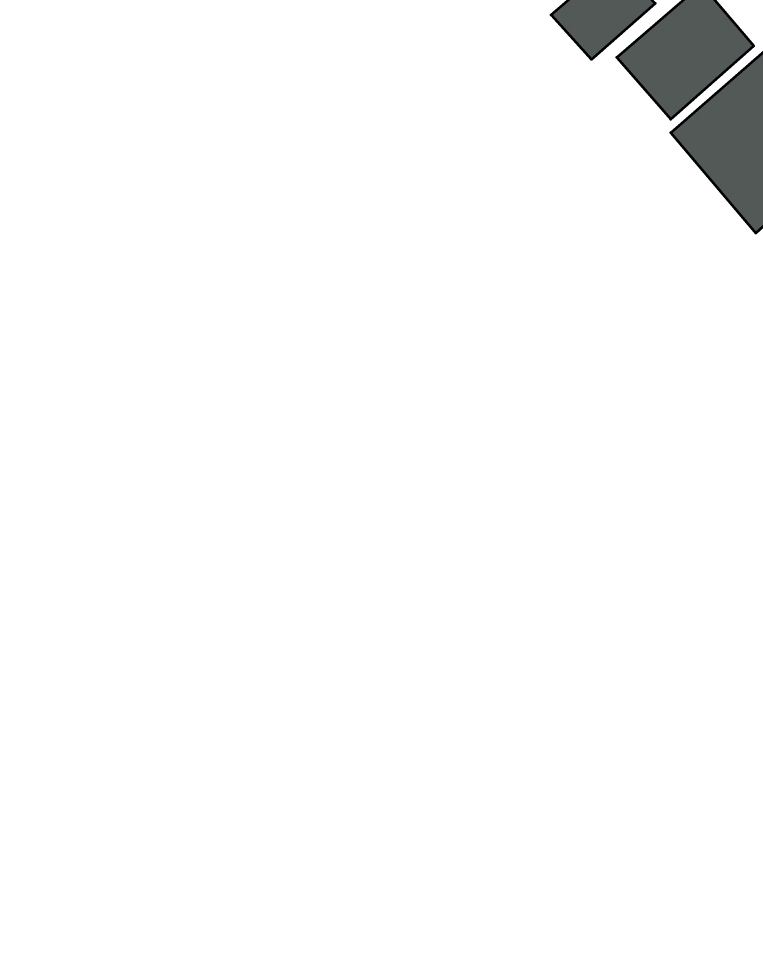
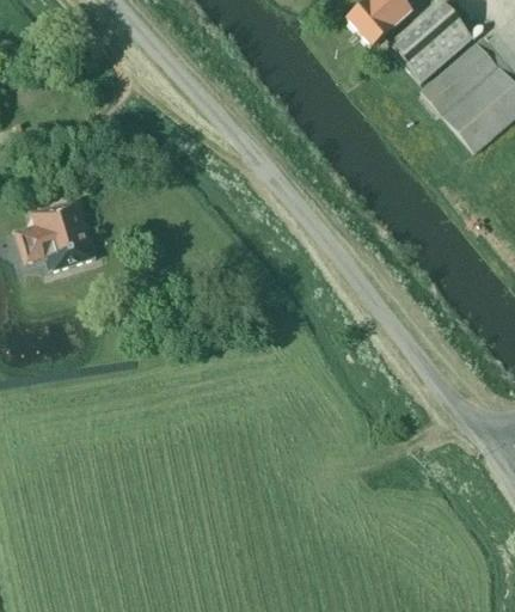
building: none -> [13,196,97,271]

